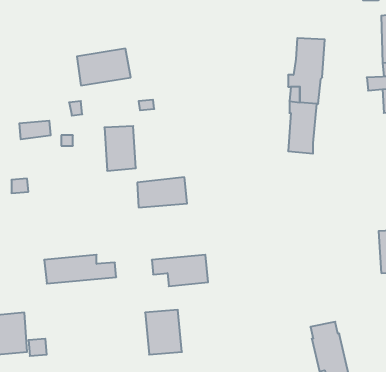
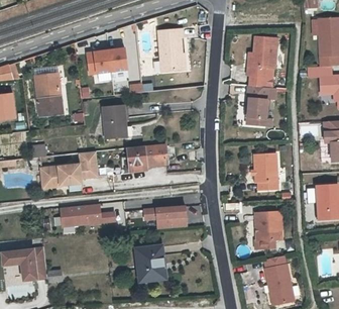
building: none -> [155,29,183,73]
building: none -> [36,74,63,103]
building: none -> [39,150,97,186]
building: none -> [253,154,276,190]
building: none -> [253,212,280,248]

